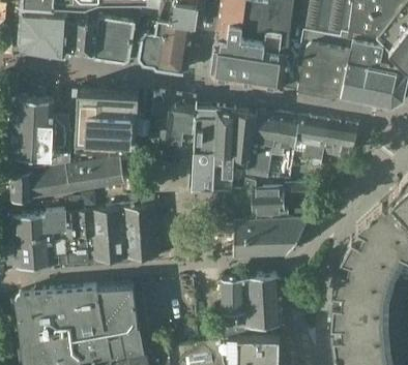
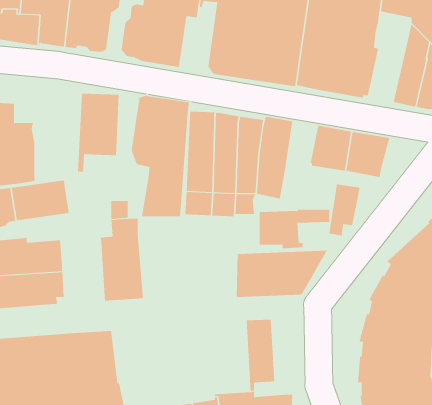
building: [341,27,375,100] -> none
building: [75,91,108,157] -> none
building: [273,116,299,158] -> [328,184,360,236]
building: [94,159,124,190] -> none
building: [91,210,126,264] -> none
building: [262,275,284,327] -> none
building: [213,277,244,337] -> none

